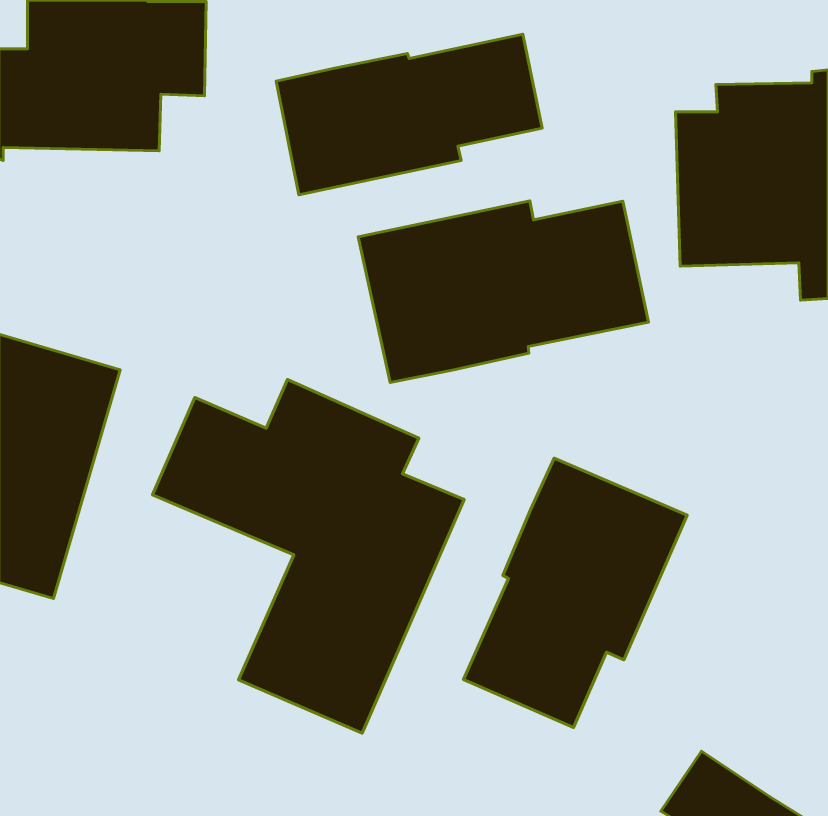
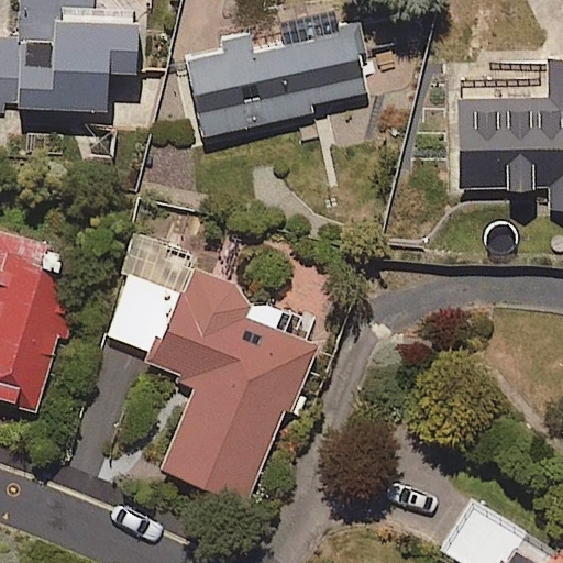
building: [358,201,649,382] -> none
building: [463,458,687,727] -> none

